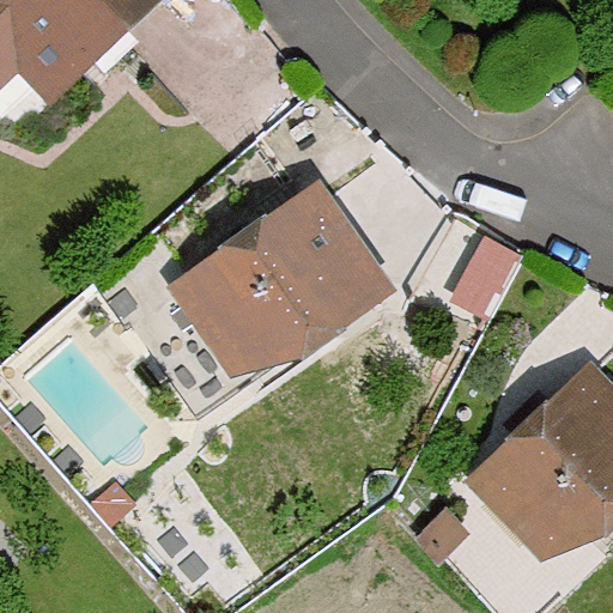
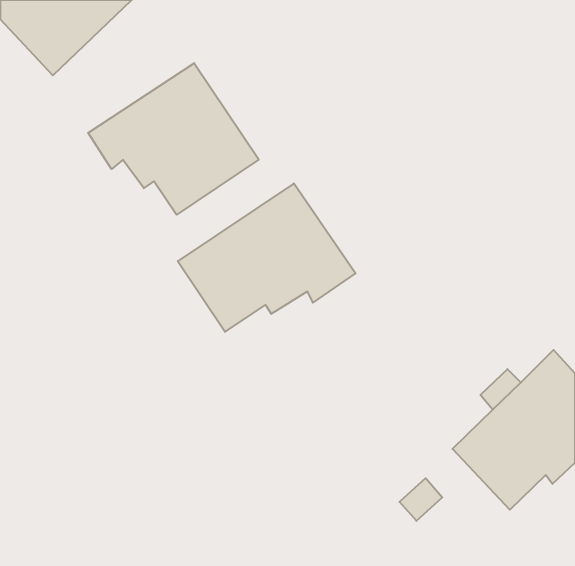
building: none -> [88,63,259,215]

